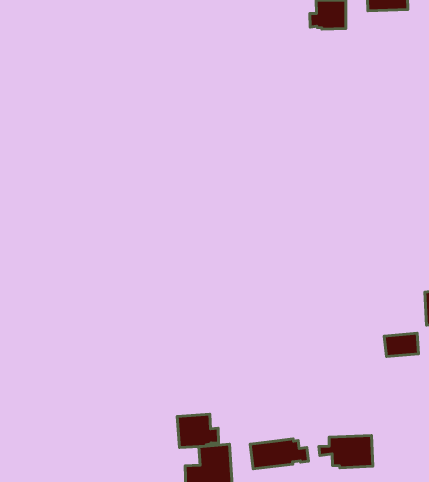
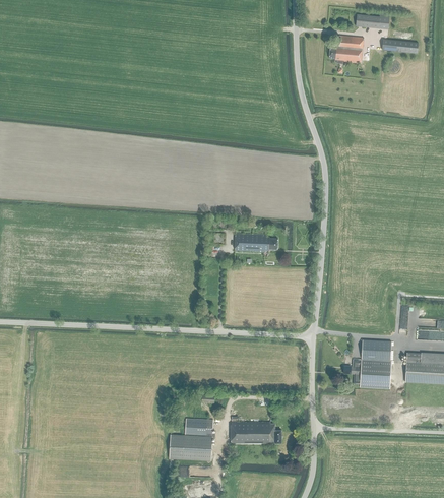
building: none -> [235,234,277,251]
building: [177,414,219,448] -> none
building: [319,435,373,468] -> [343,358,391,388]

